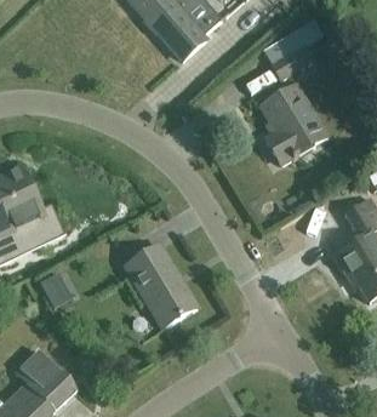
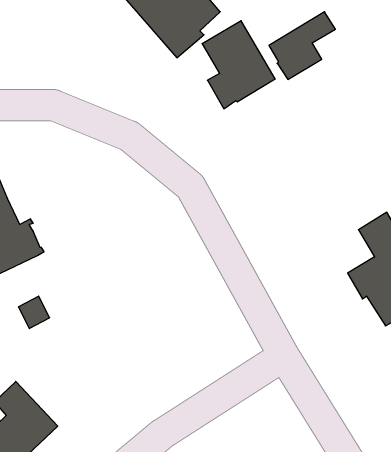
building: [261,86,326,165] -> [202,21,275,109]
building: [125,245,198,329] -> none

